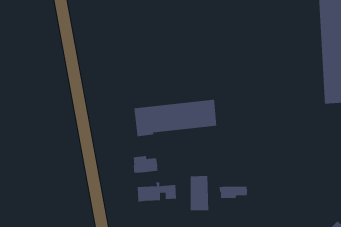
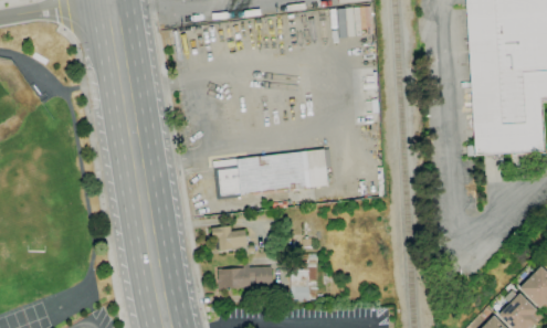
building: [219,186,248,199] -> none

